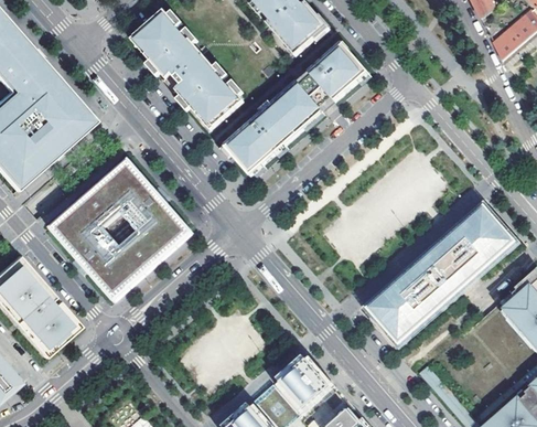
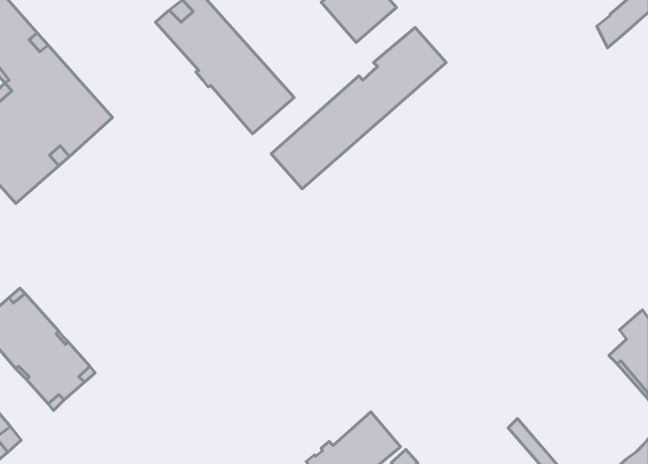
building: [47,157,192,300] -> none
building: [366,204,517,345] -> none

